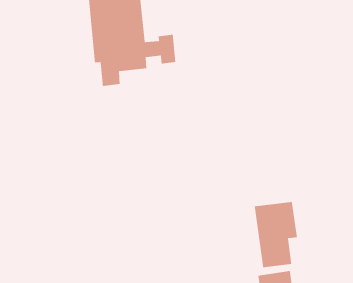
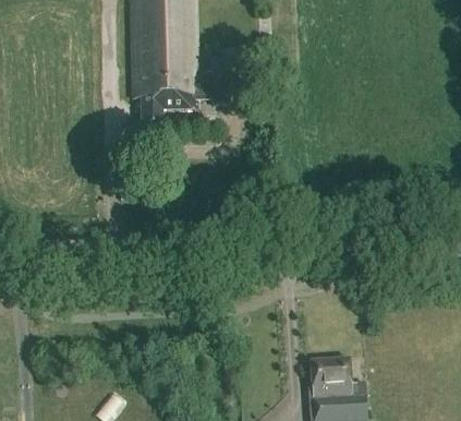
building: [254,201,298,268] -> none

